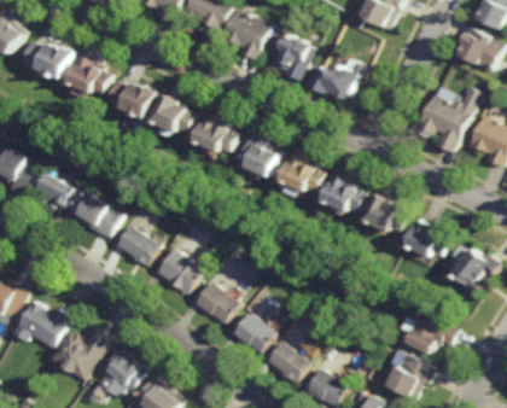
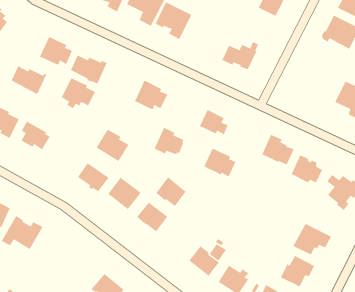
building: [270,34,315,81] -> none
building: [22,41,71,81] -> [11,65,47,95]
building: [410,88,477,155] -> none
building: [150,95,197,138] -> [61,78,96,109]
building: [238,135,279,173] -> [154,127,184,155]
building: [322,170,367,210] -> [203,148,236,177]
building: [77,191,123,235] -> [96,129,130,162]
building: [233,310,275,351] -> [156,177,187,207]
building: [51,328,109,379] -> none
building: [95,348,146,396] -> none

